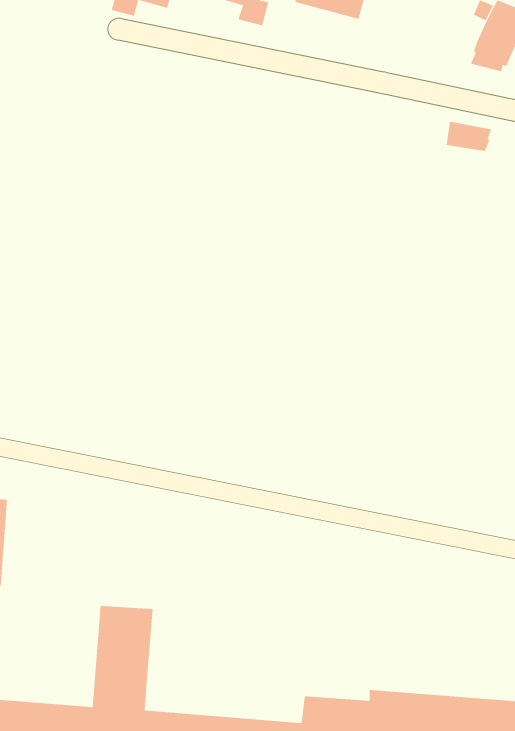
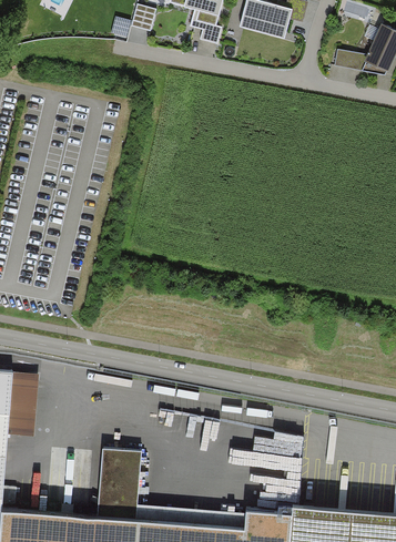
building: [446,121,492,151] -> [334,49,366,70]
building: none -> [134,505,245,531]

